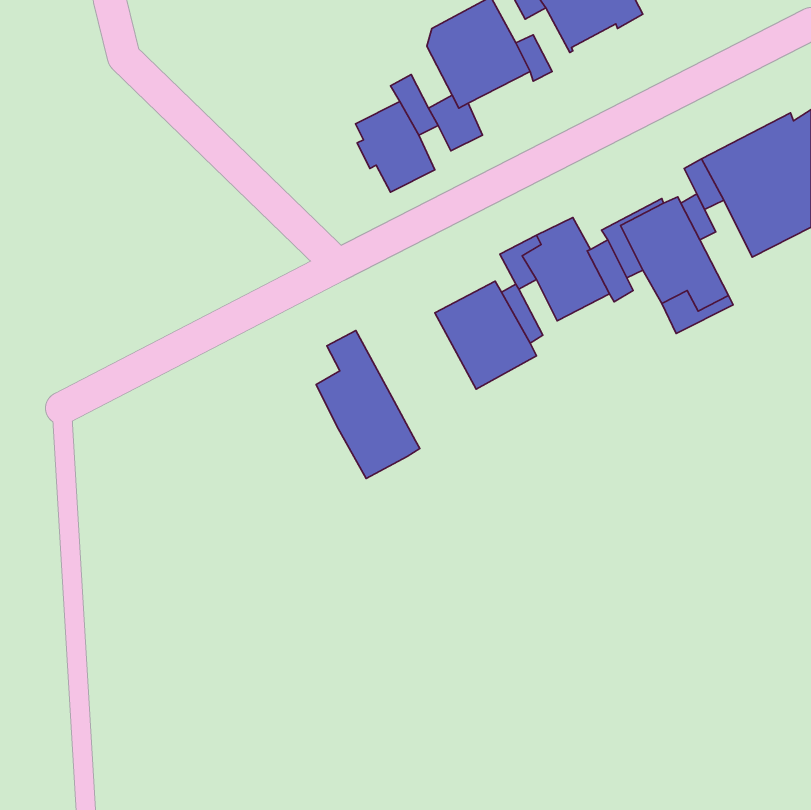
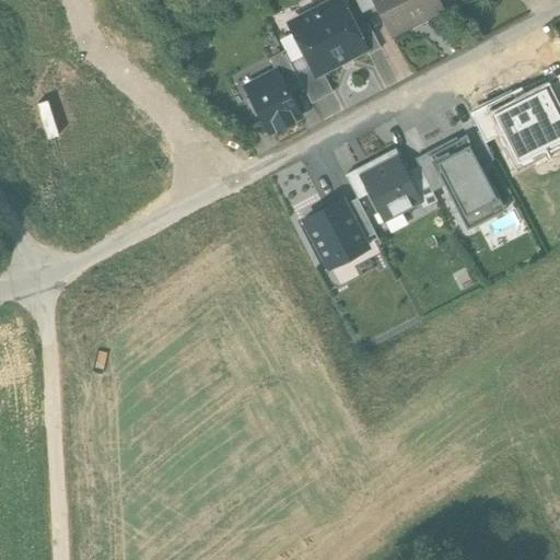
building: [316,330,420,479] -> none

